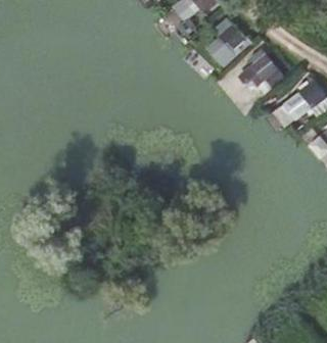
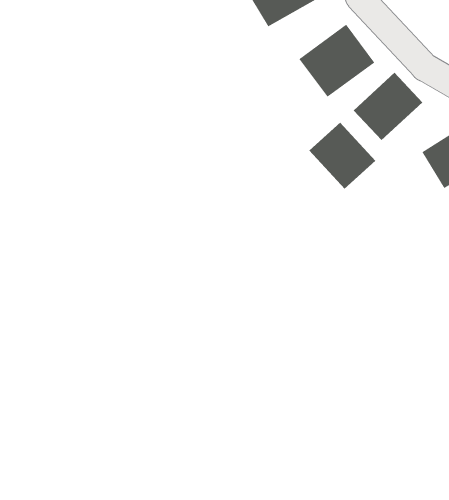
building: none -> [308,122,376,189]

